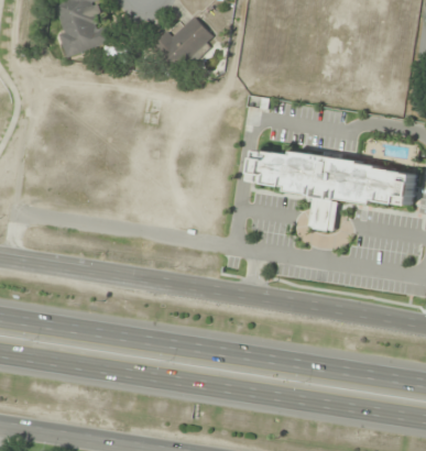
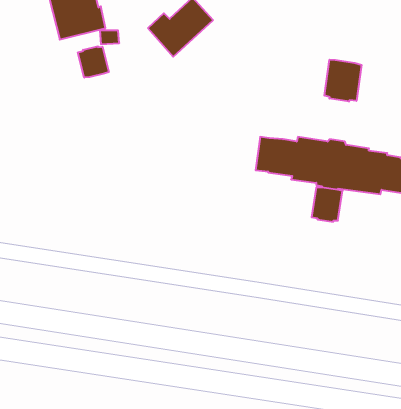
building: none -> [78,46,109,78]
building: none -> [324,60,362,102]

